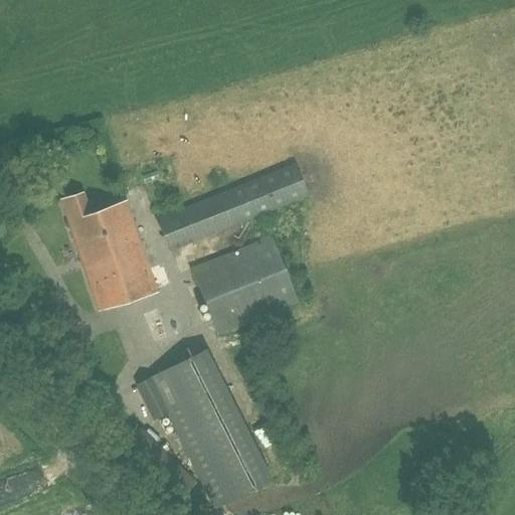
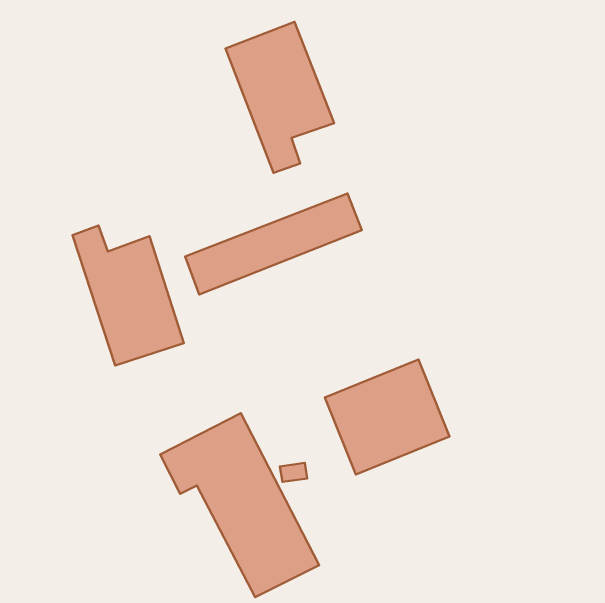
building: none -> [225,22,334,173]
building: [192,235,298,333] -> [325,359,449,475]

